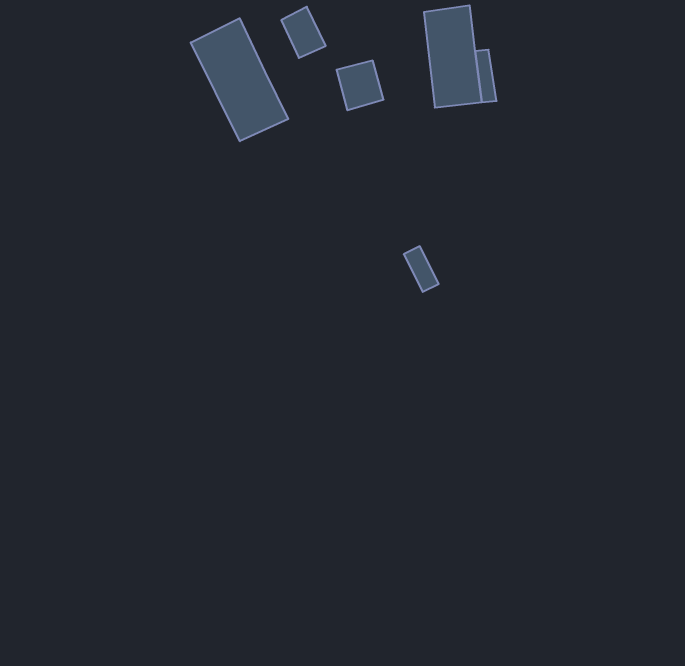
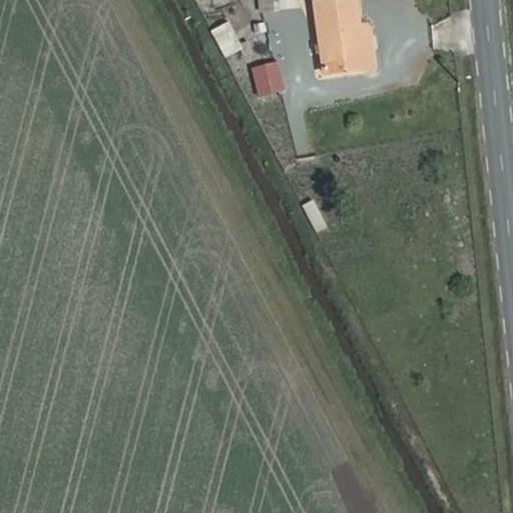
building: [191,18,288,141] -> none

